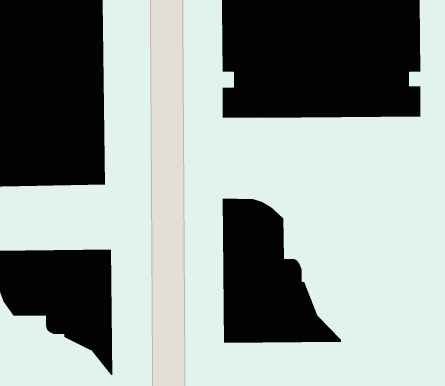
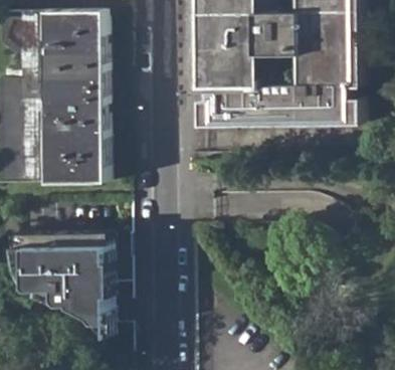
building: [222,198,342,344] -> none

